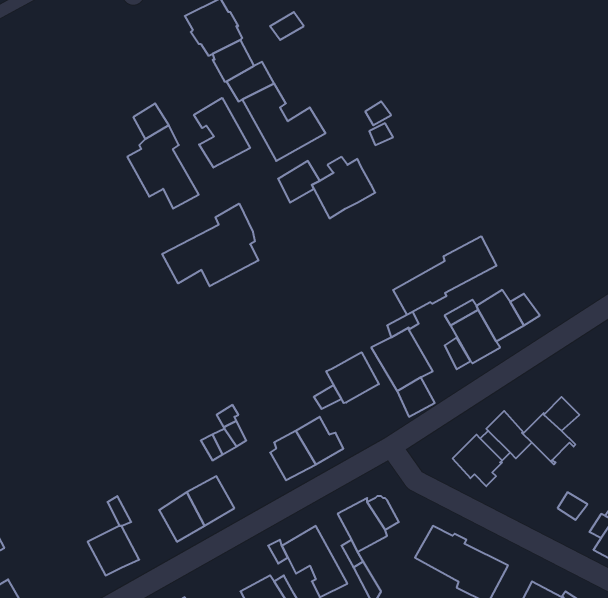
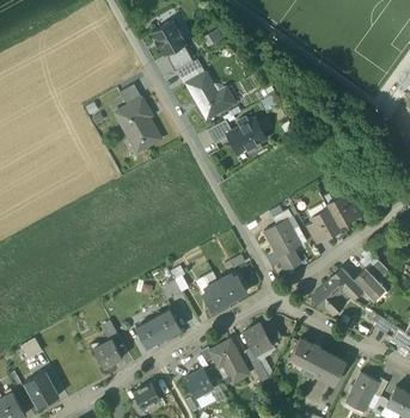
building: [194,98,250,168] -> none
building: [162,204,258,286] -> none
building: [393,236,496,315] -> none
building: [326,352,379,403] -> none

